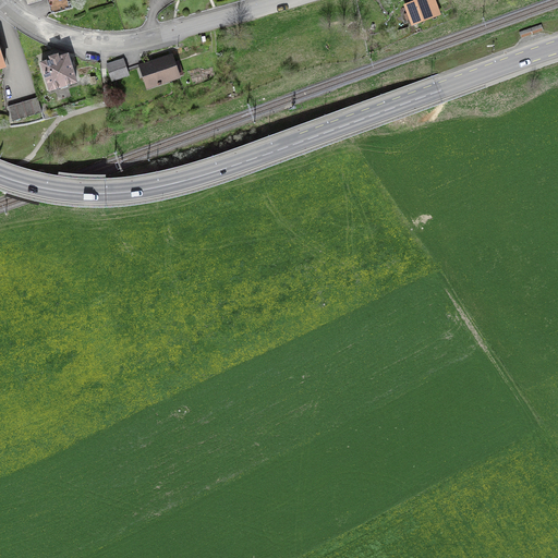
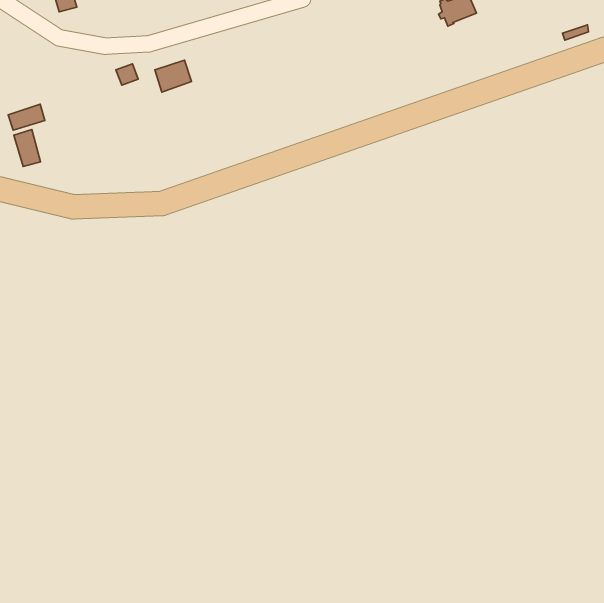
building: [41,53,75,88] -> none
building: none -> [14,130,40,167]

